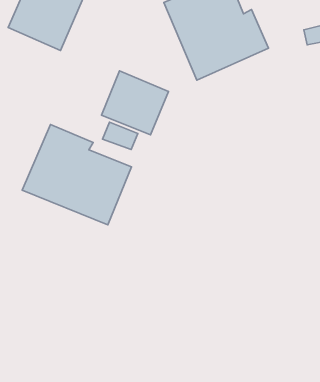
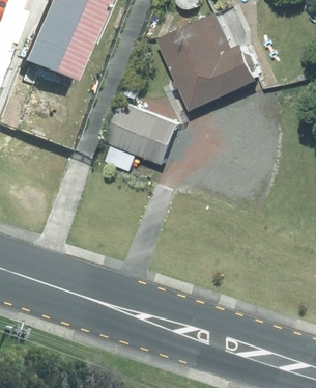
building: [22,125,132,225] -> none

